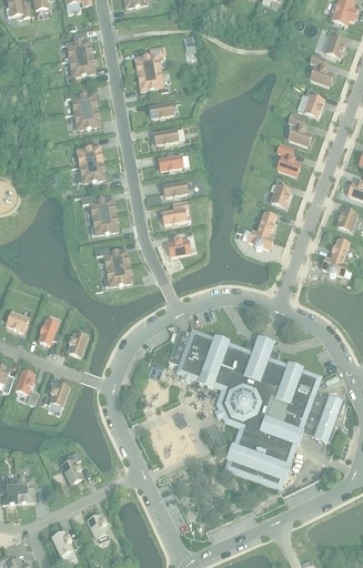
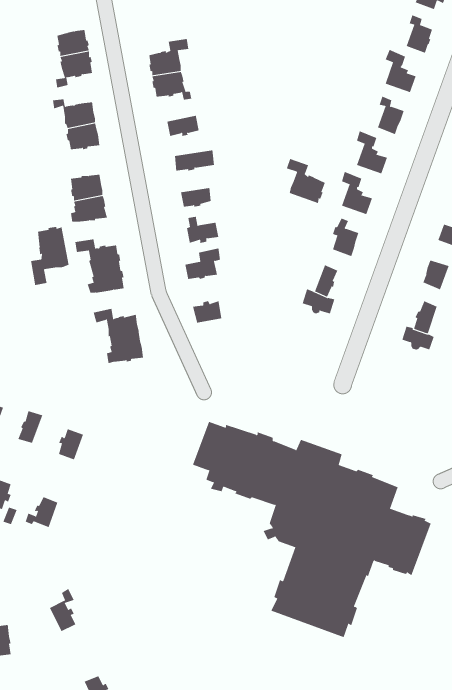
building: none -> [286,158,325,204]
building: none -> [30,226,69,286]

